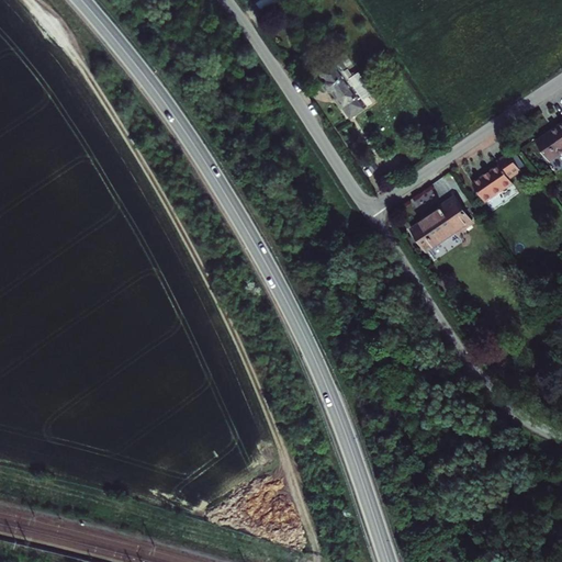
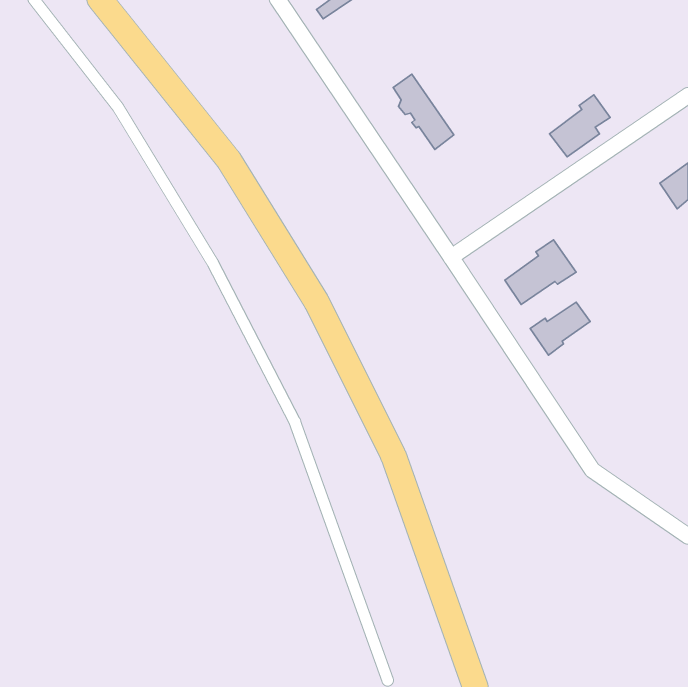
building: [472,153,521,203] -> [550,95,610,157]
building: none -> [530,302,590,355]

